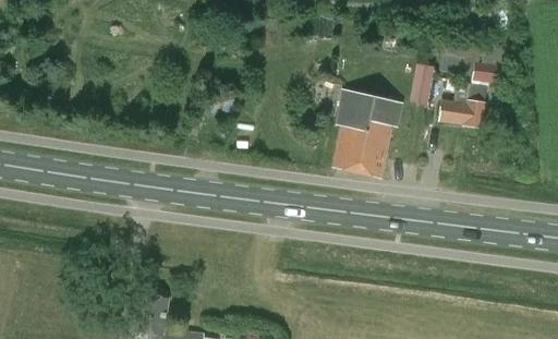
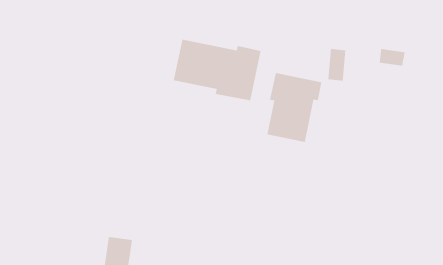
building: none -> [173,39,261,101]
building: [439,99,485,129] -> none

